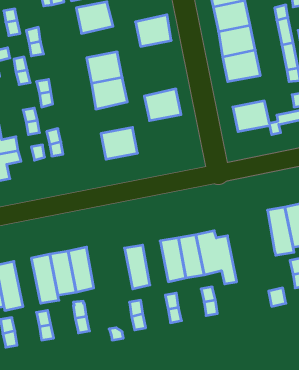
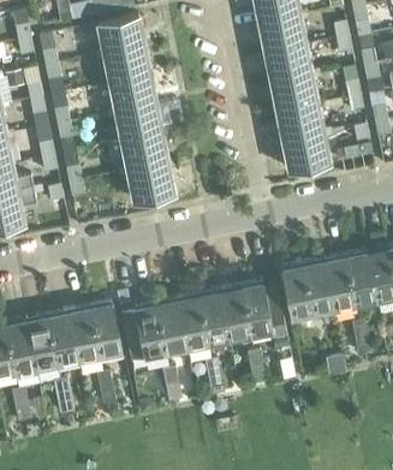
building: [135,15,171,46] -> [106,46,148,83]
building: none -> [278,103,321,141]
building: [144,89,181,121] -> [123,135,166,172]
building: none -> [281,262,333,319]
building: none -> [178,298,208,353]
building: none -> [121,307,166,361]
building: none -> [26,319,56,370]

